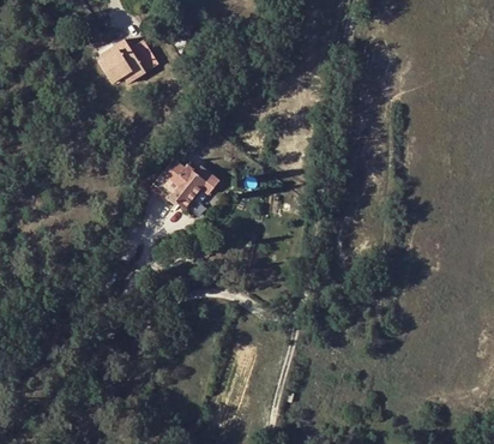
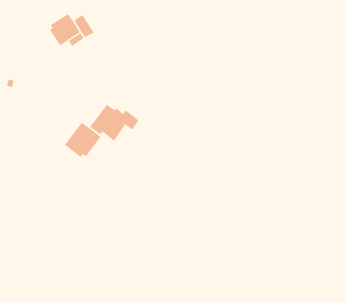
building: none -> [64,122,101,158]

